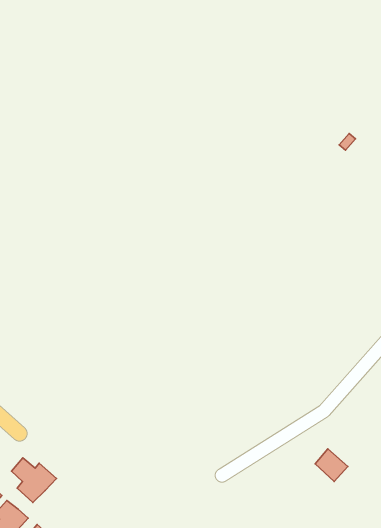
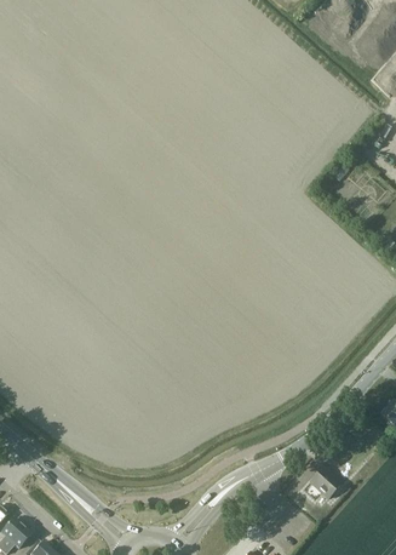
building: [12,458,56,502] -> none

